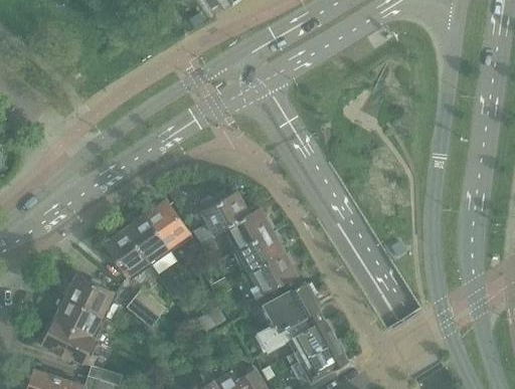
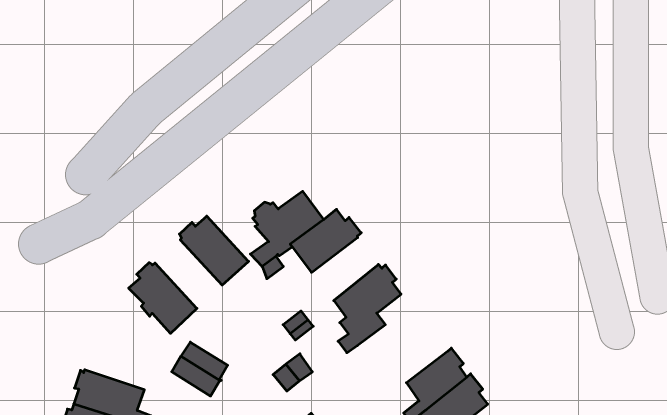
building: [125,214,170,265] -> none
building: [234,231,283,273] -> none
building: [62,275,116,318] -> none
building: [255,281,323,354] -> none

